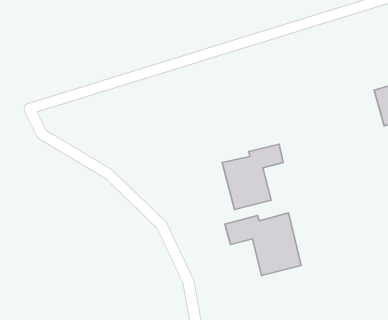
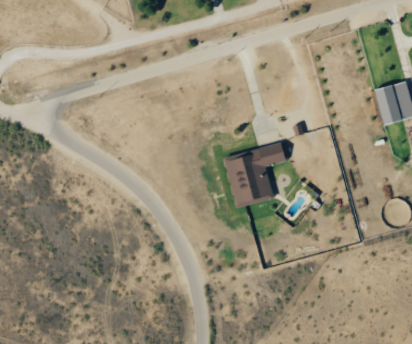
building: [225,213,301,275] -> none

